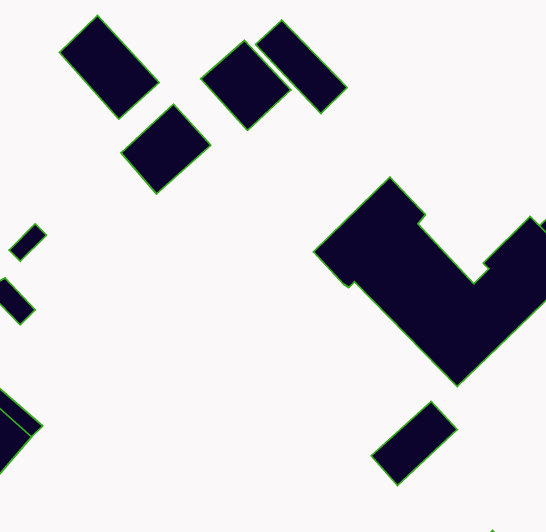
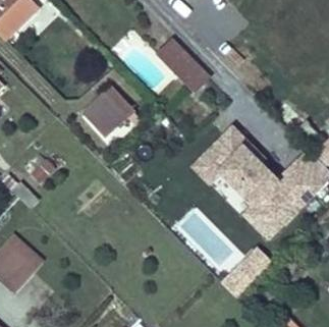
building: [59,15,159,119] -> none
building: [201,40,291,130] -> none

